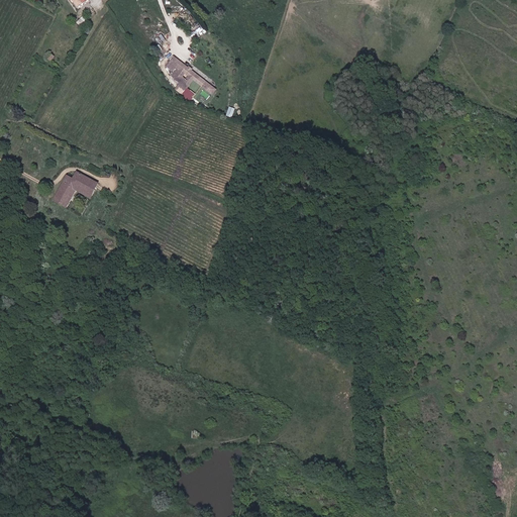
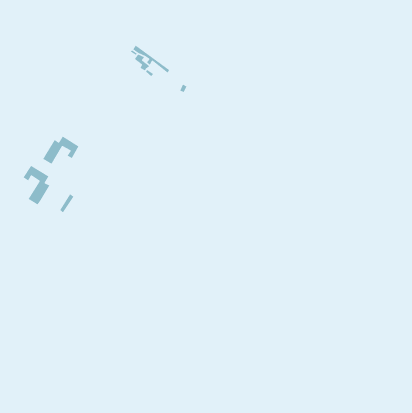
building: none -> [23,165,51,206]

